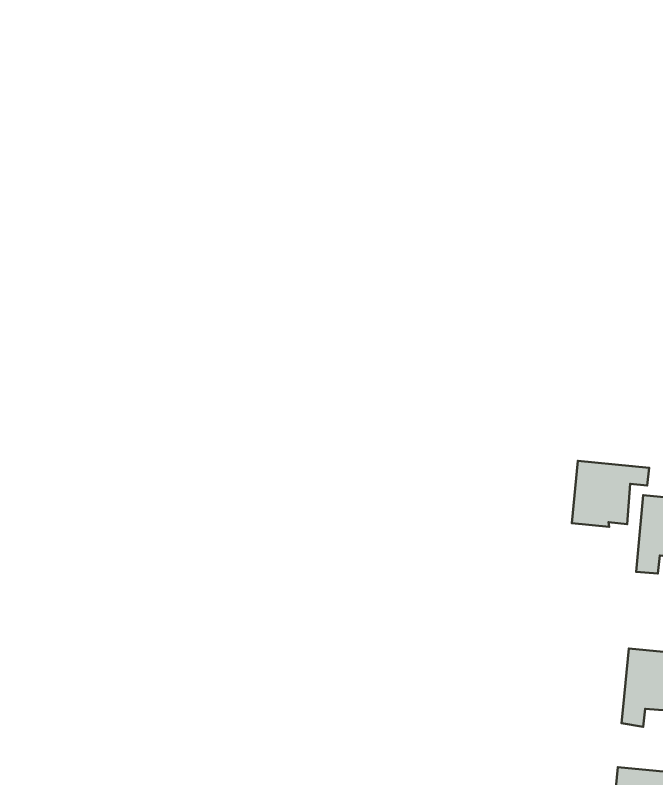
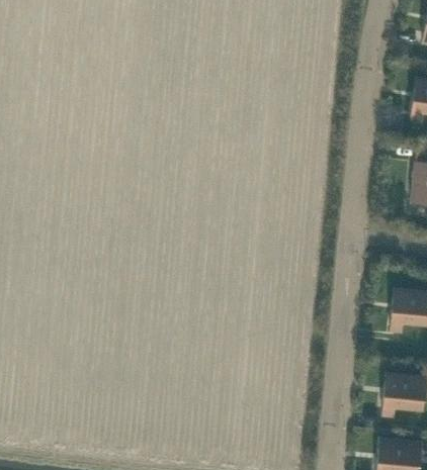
building: [572,461,649,527] -> none

